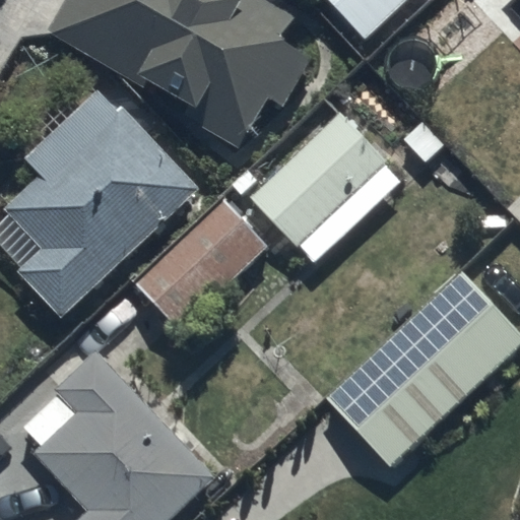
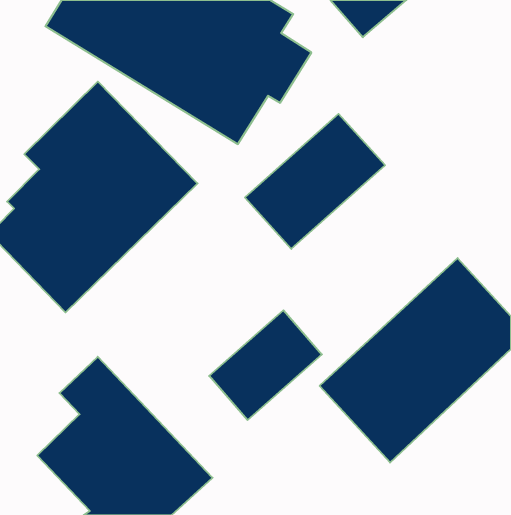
building: [128,195,267,329] -> none
building: none -> [209,310,322,420]

